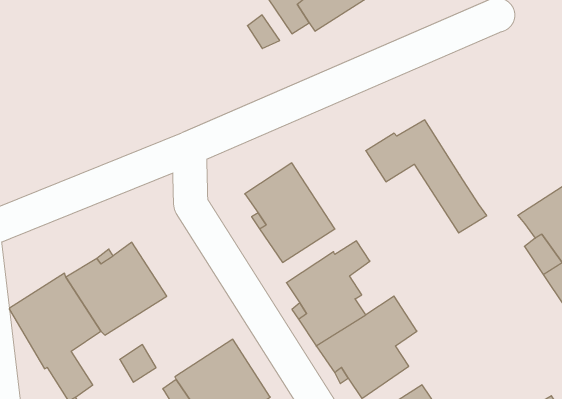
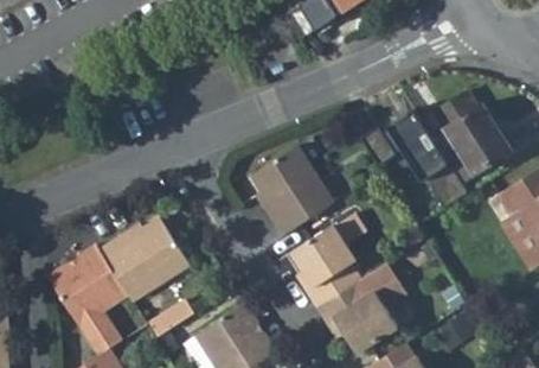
building: none -> [434,90,511,183]

